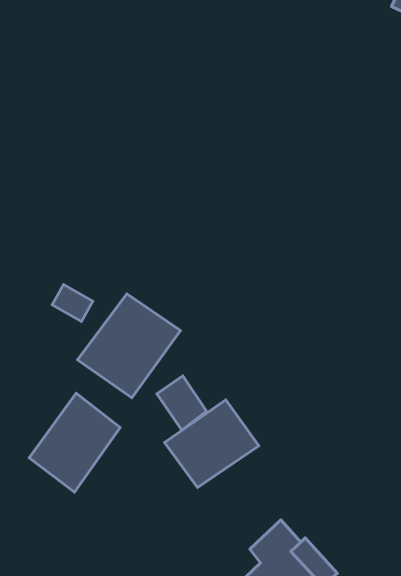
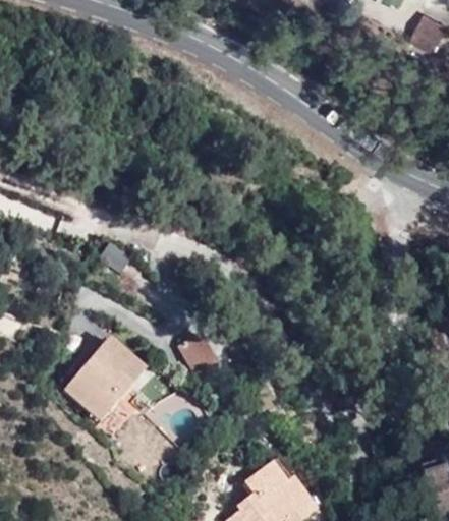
building: [78,294,181,398] -> none
building: [164,400,259,487] -> none

